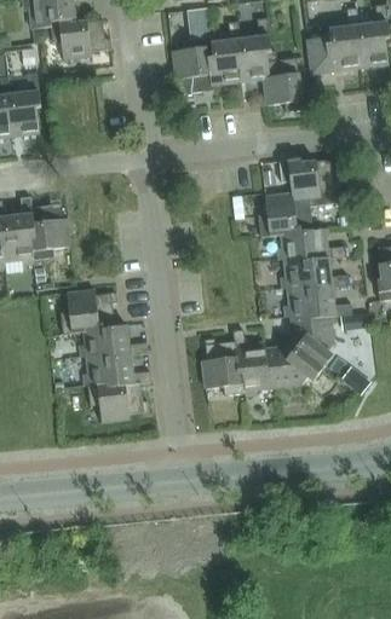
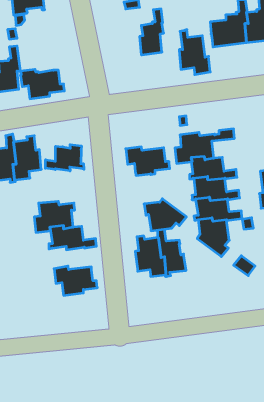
building: [236,17,270,81] -> none
building: [48,18,110,59] -> [20,69,64,99]
building: [171,37,212,99] -> none
building: [277,158,339,198] -> [126,147,170,175]
building: none -> [45,145,84,171]
building: [263,342,322,387] -> [144,199,186,231]
building: [82,353,150,386] -> none

